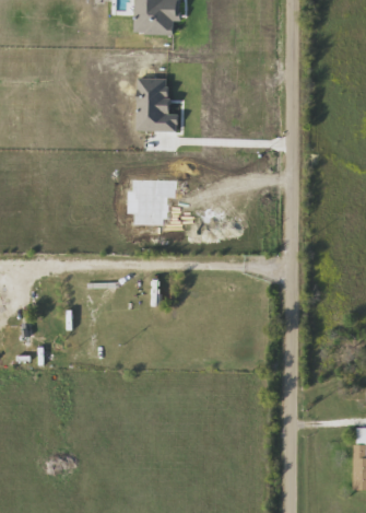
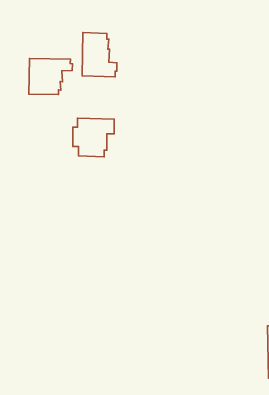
building: none -> [29,58,72,95]

